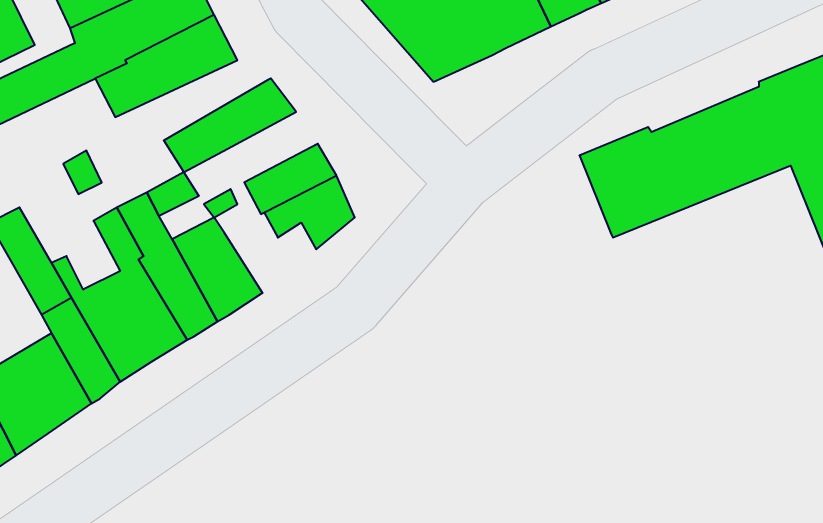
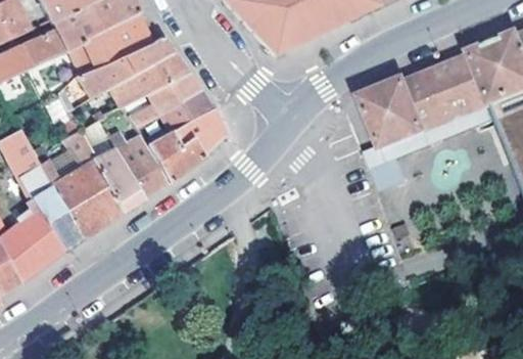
building: none -> [78,35,171,97]
building: none -> [146,71,201,114]
building: none -> [144,132,200,181]

